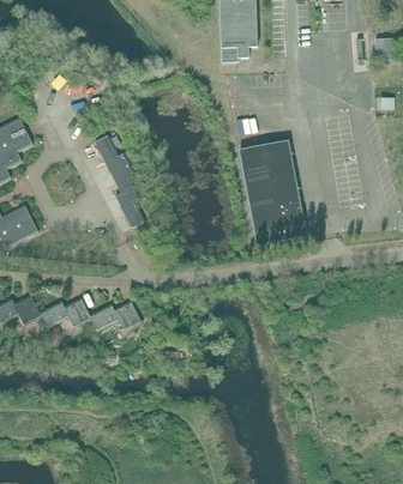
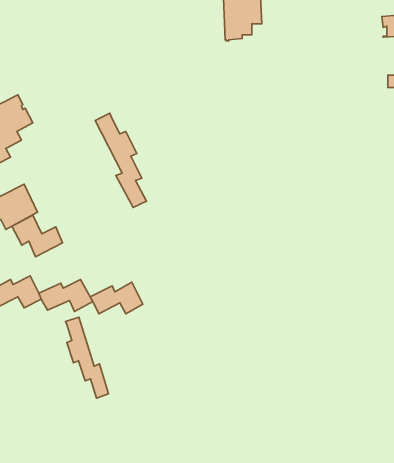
building: [239,139,307,244] -> none
building: none -> [12,215,63,257]
building: none -> [65,317,108,398]

